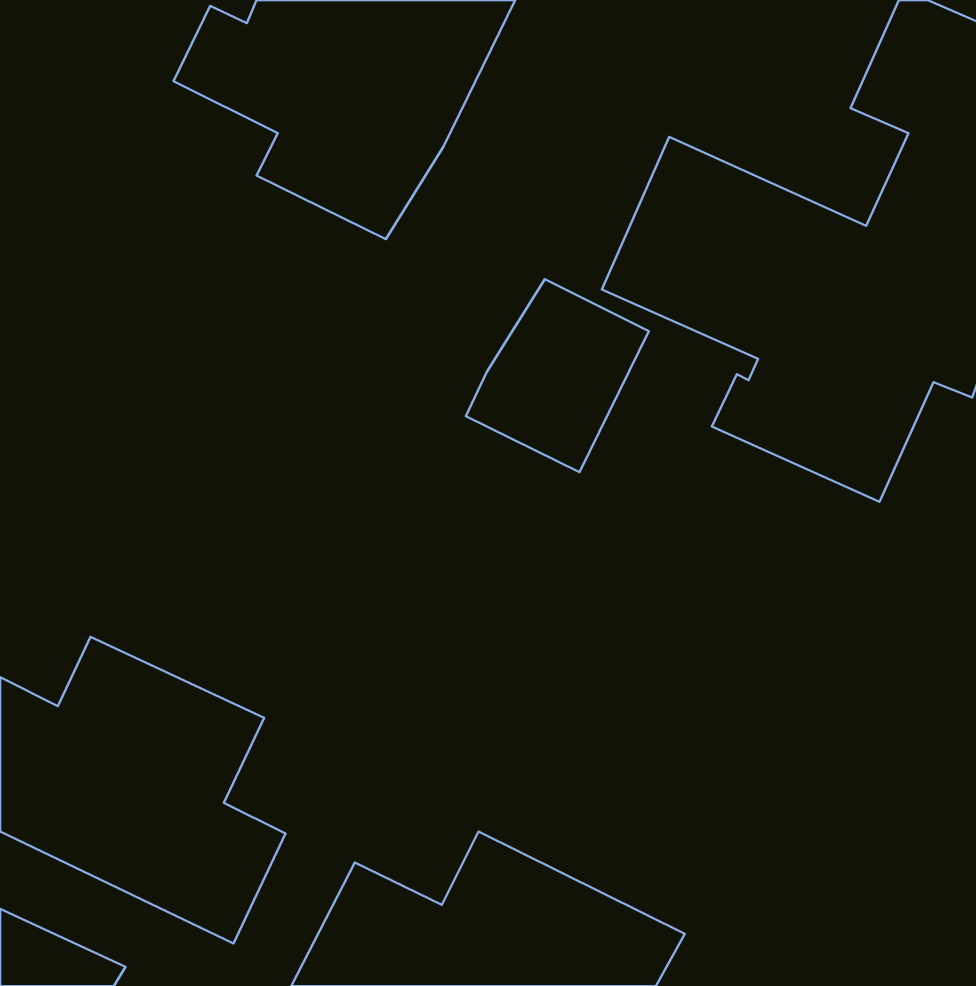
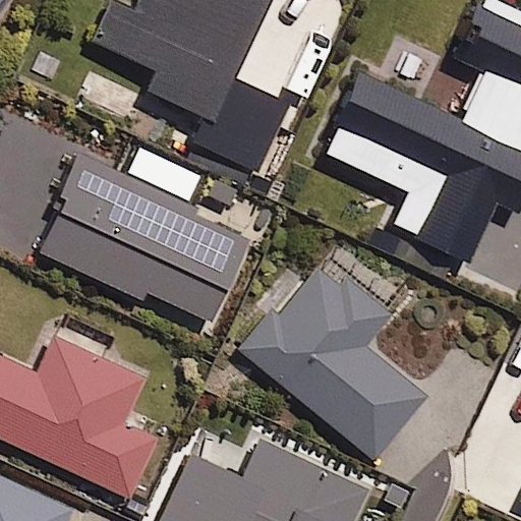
building: [466,279,649,472] -> [197,77,294,179]
building: none -> [36,155,249,321]
building: none -> [240,256,425,460]

